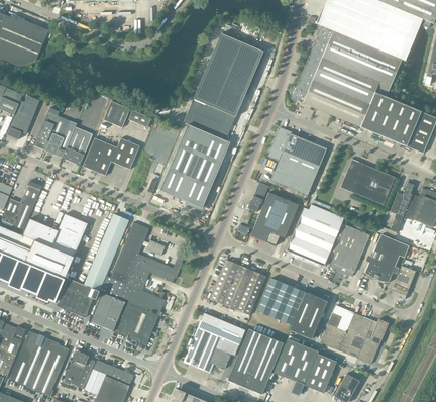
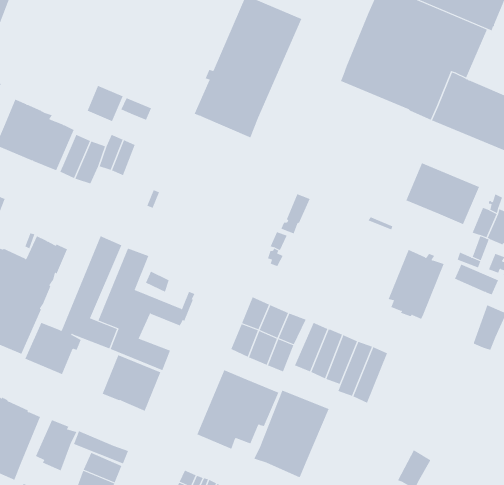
building: [159,124,230,207] -> none
building: [268,127,327,195] -> none
building: [249,192,299,245] -> none
building: [286,204,344,266] -> none
building: [365,245,400,283] -> none
building: [90,292,125,330] -> none
building: [321,305,389,363] -> none
building: [274,338,336,394] -> none

